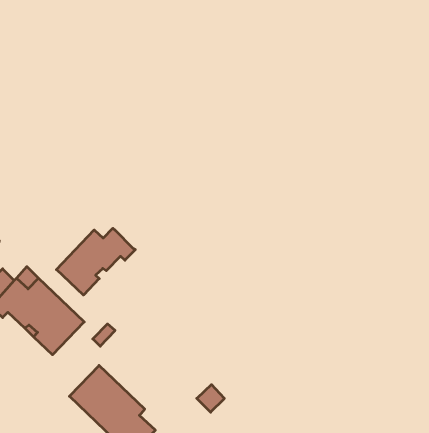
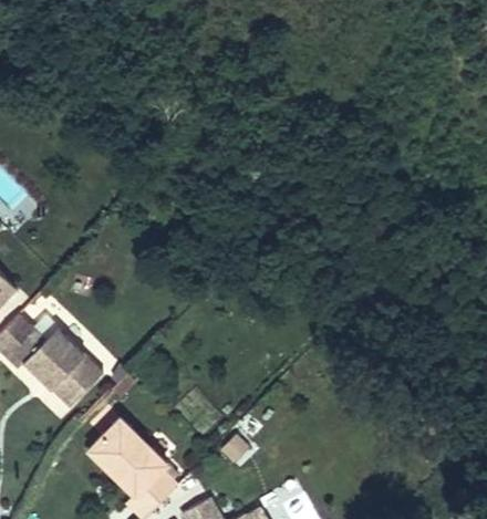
building: [56,228,135,295] -> none

